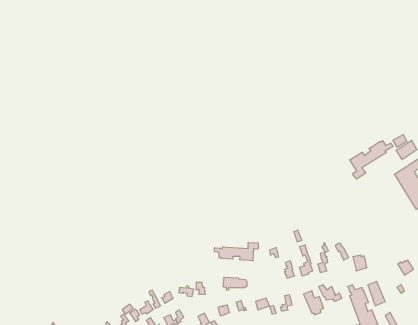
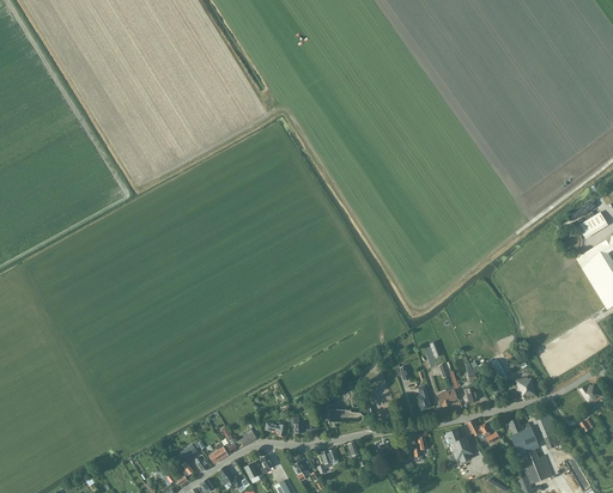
building: [350,141,393,179] -> none
building: [215,242,258,261] -> none

